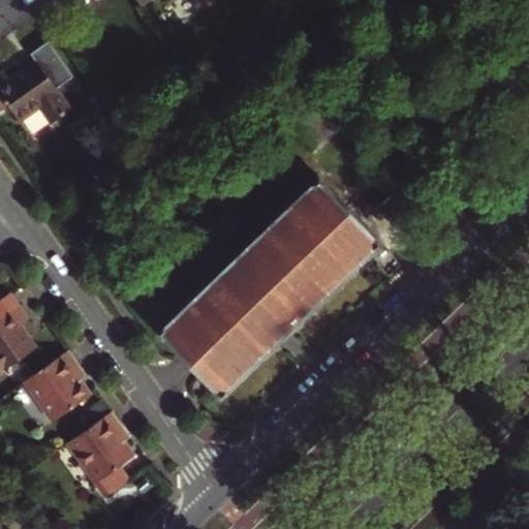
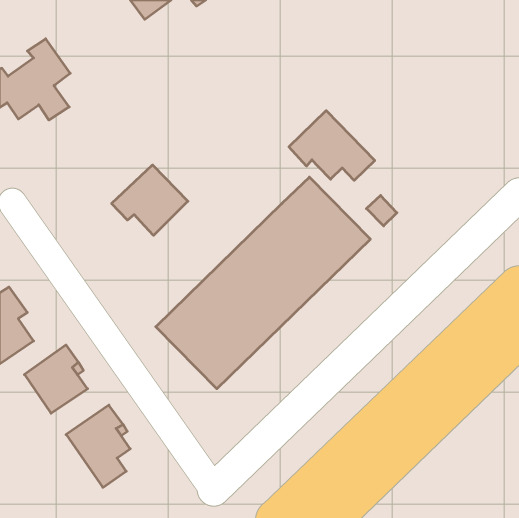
building: none -> [289,111,375,180]
building: none -> [112,165,188,235]

